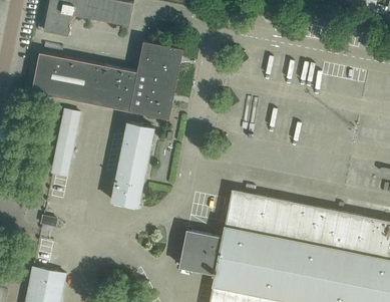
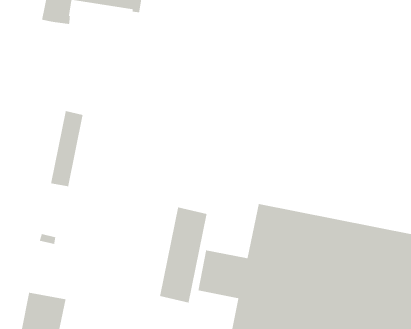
building: [31,40,182,118] -> none
building: [111,121,153,206] -> [159,207,207,303]

